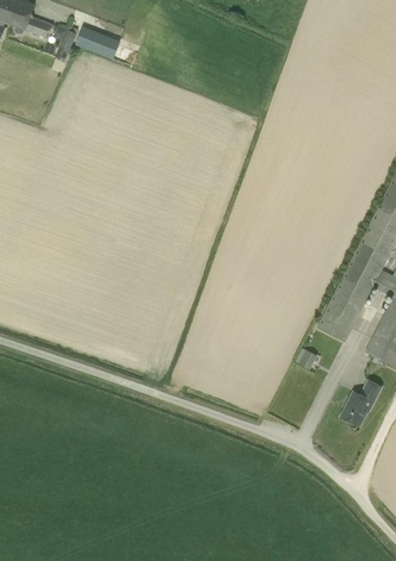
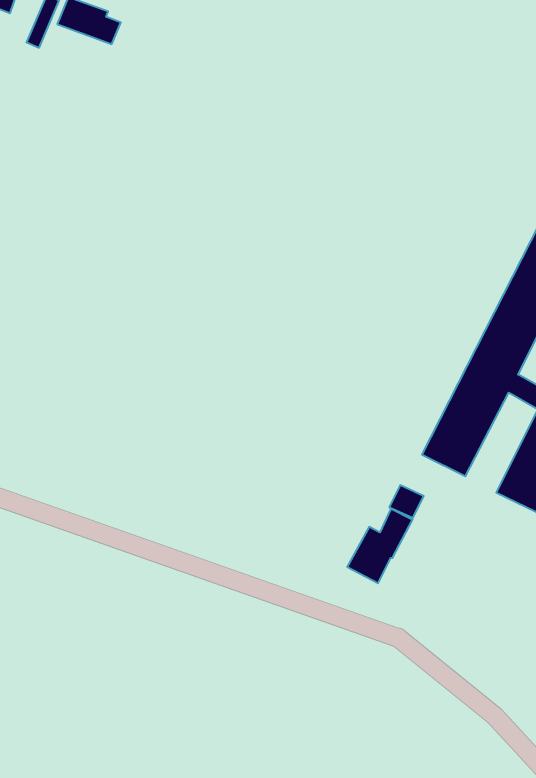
building: [339,379,382,428] -> [347,509,413,583]

